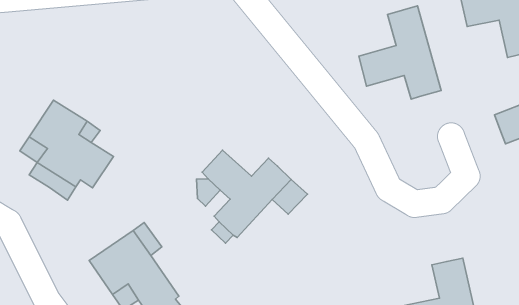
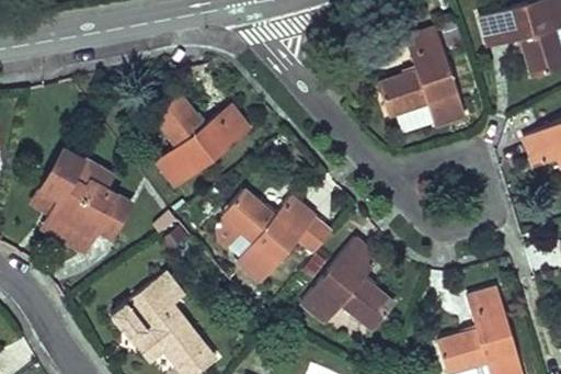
building: none -> [152,93,250,186]
building: none -> [301,239,393,330]

